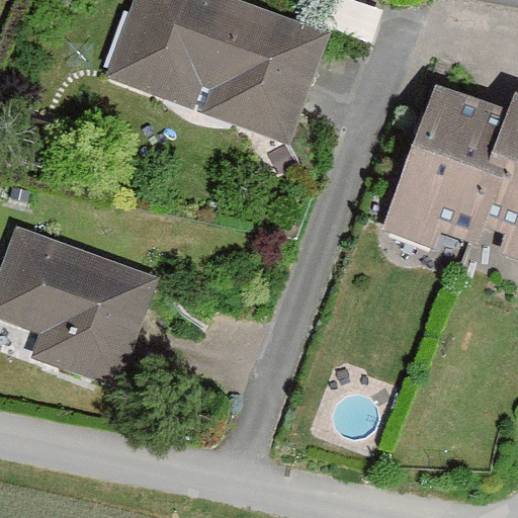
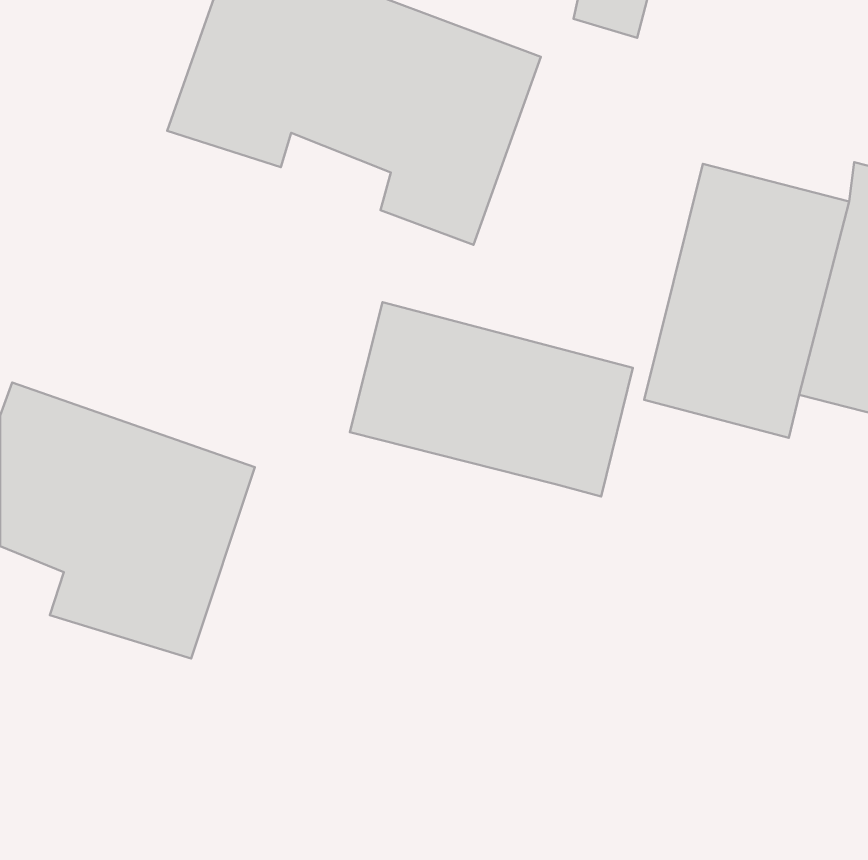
building: none -> [350,302,633,496]

